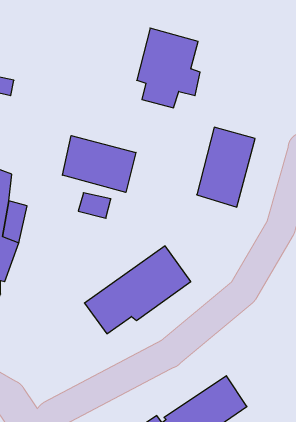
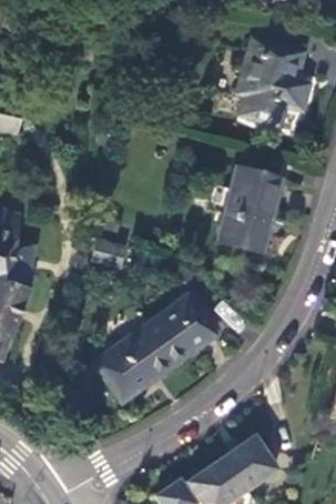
building: [137,28,200,108] -> [238,38,307,124]
building: [62,136,136,192] -> none

